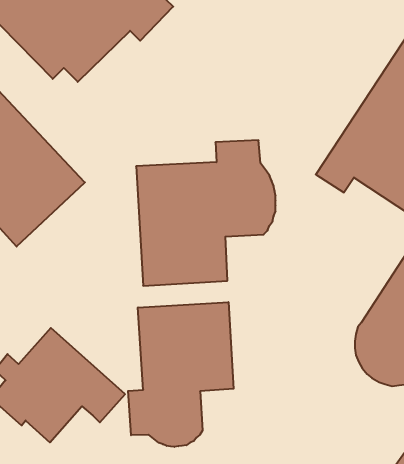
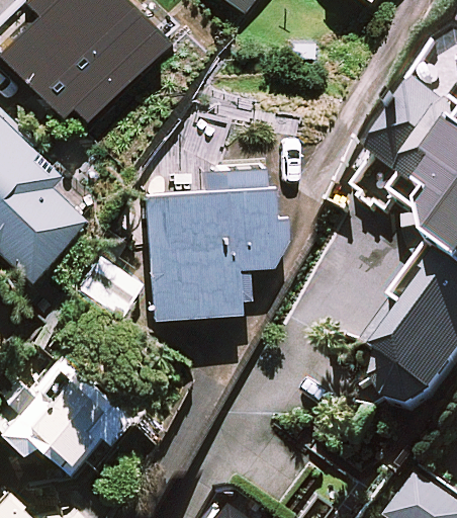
building: [128,302,234,447] -> none

